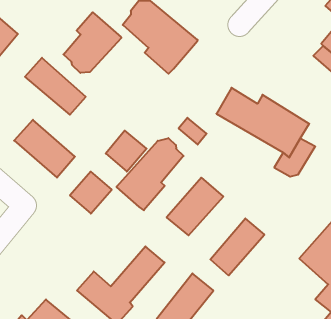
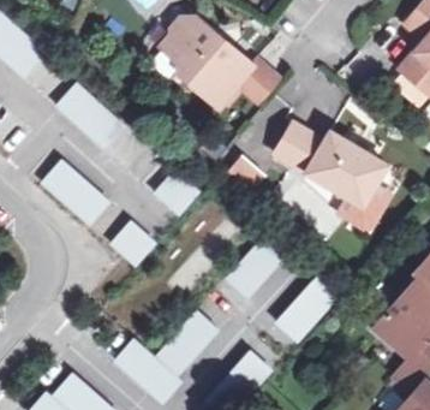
building: [63,12,121,73] -> none
building: none -> [225,57,282,102]
building: [117,138,184,210] -> none

